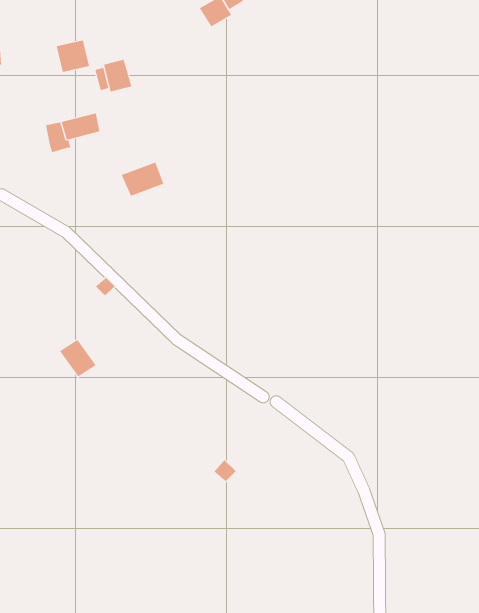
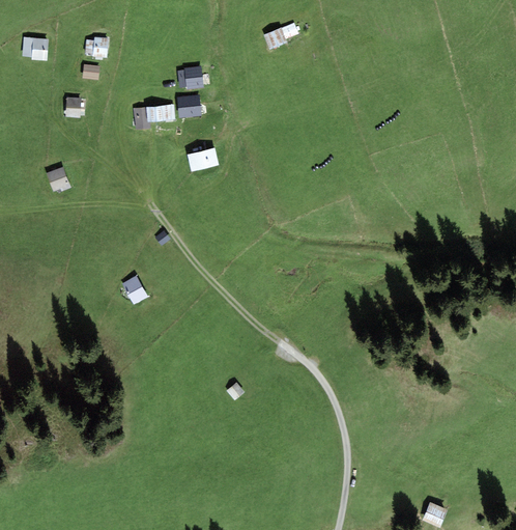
building: [56,40,90,73] -> [177,94,201,117]

